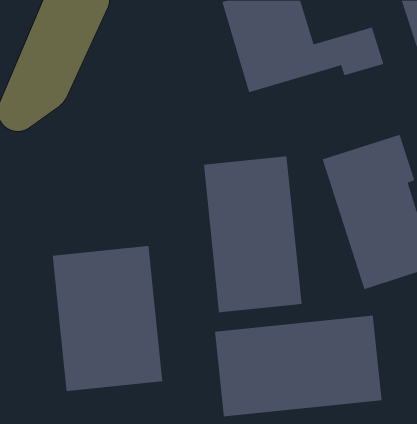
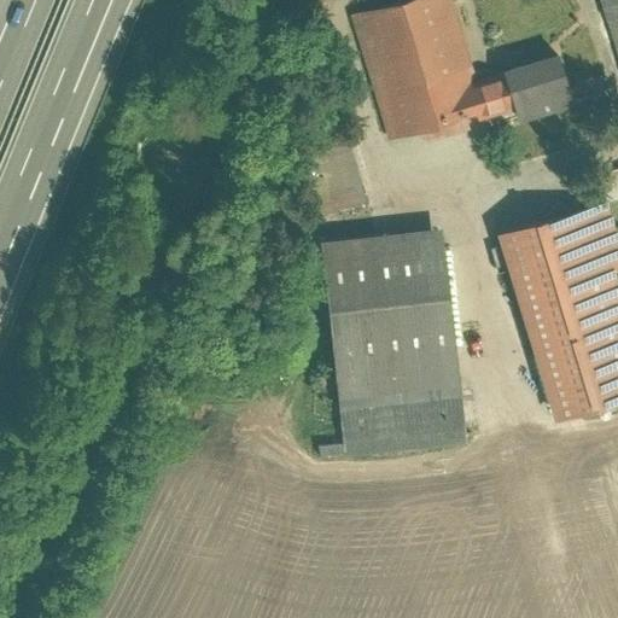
building: [52,245,163,392] -> none
building: [214,315,382,417] -> none

